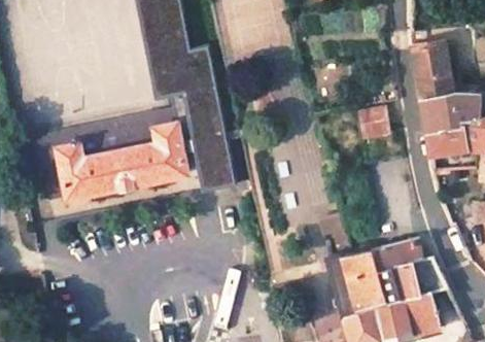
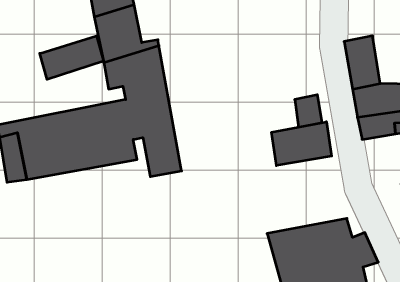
building: none -> [40,36,103,79]
building: none -> [272,122,332,166]

